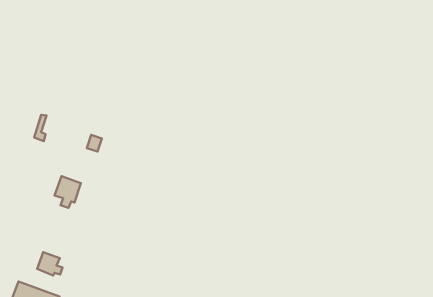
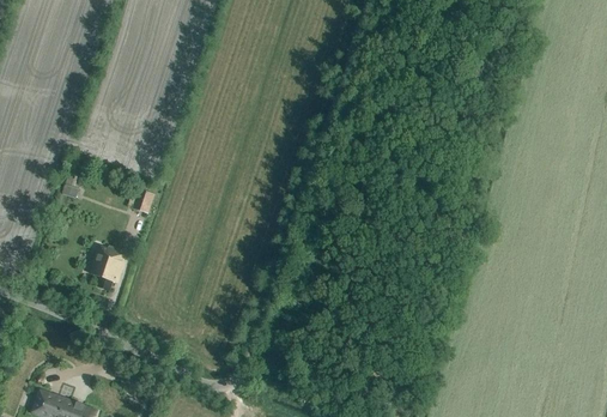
building: [37,252,63,275] -> none

